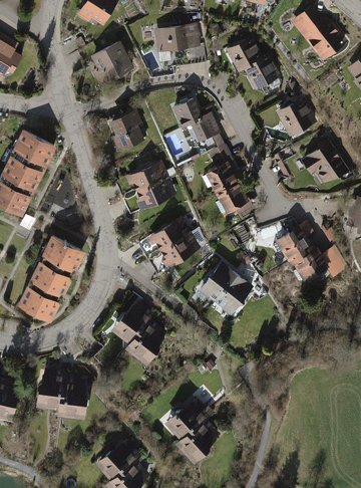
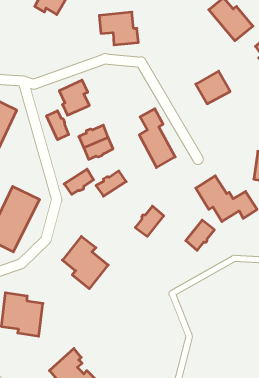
building: [226,37,280,89] -> none
building: [90,41,133,85] -> none
building: [172,99,223,146] -> none
building: [298,140,347,185] -> none
building: none -> [47,111,69,140]
building: [161,233,198,264] -> [64,169,94,194]
building: [216,275,251,312] -> [186,220,214,250]
building: [165,398,222,462] -> none

